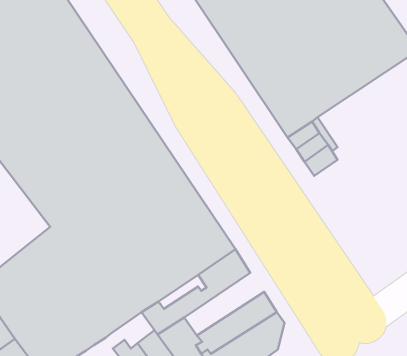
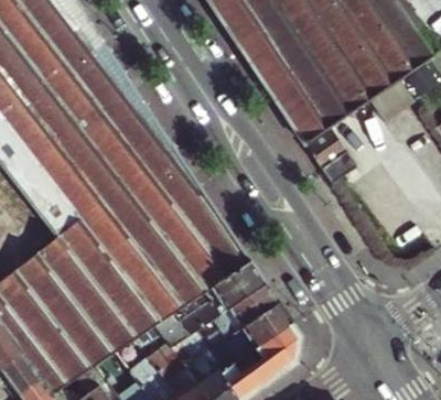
building: none -> [195,284,278,349]

